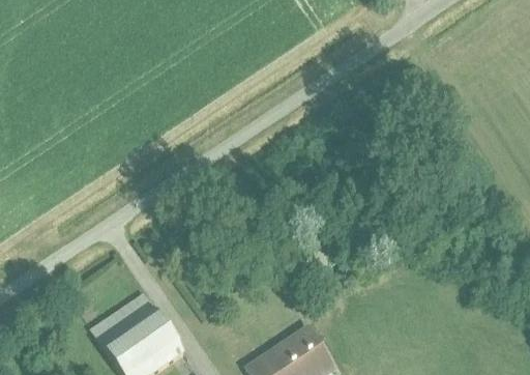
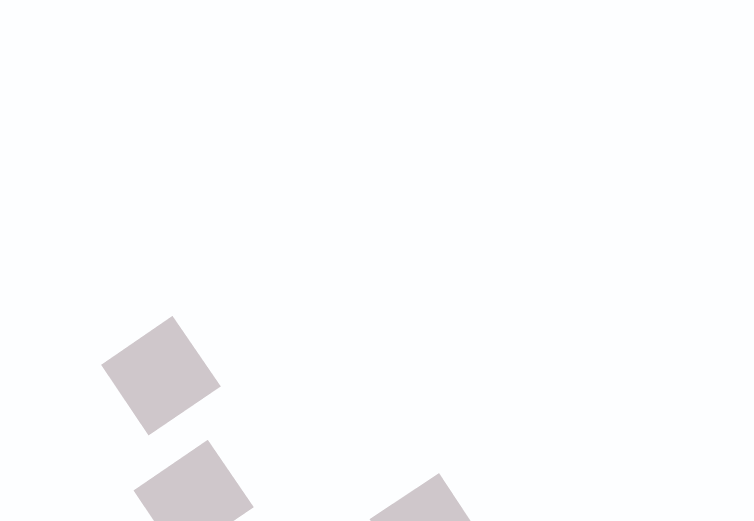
building: none -> [100,315,222,436]

